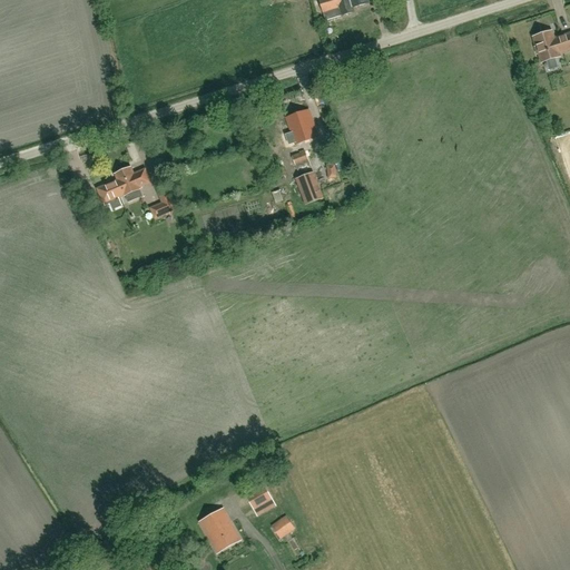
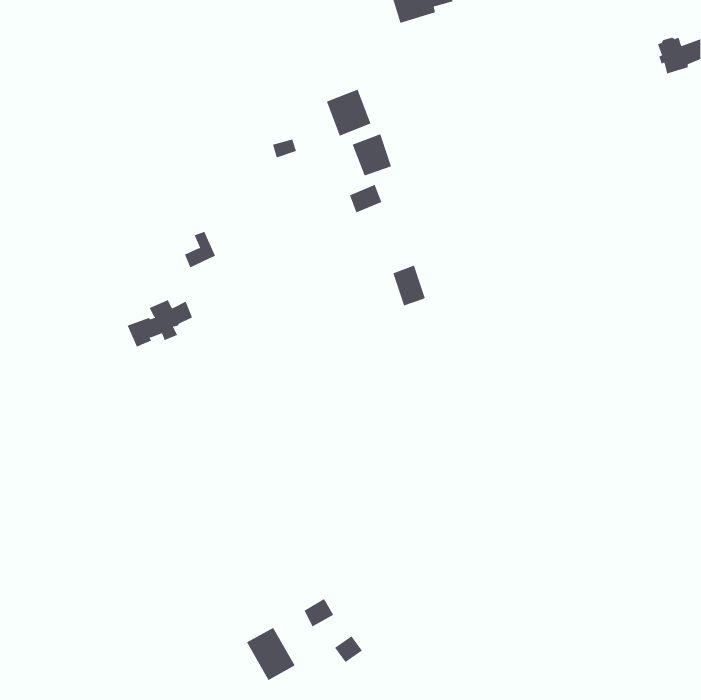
building: none -> [326,89,371,136]
building: [96,166,149,205] -> [127,300,193,348]
building: [298,169,325,203] -> [392,265,425,306]

